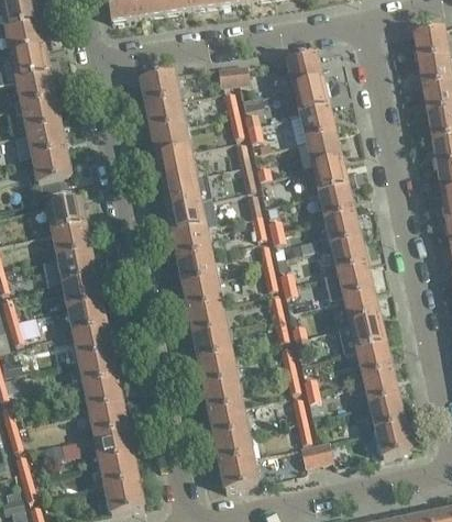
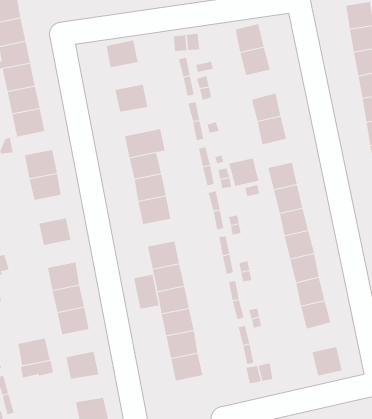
building: [144,97,183,129] -> none
building: [299,105,334,140] -> none
building: [155,148,194,181] -> none
building: [318,185,353,218] -> [228,158,259,187]
building: [57,248,95,281] -> none
building: [181,276,219,308] -> none
building: [68,300,106,332] -> none
building: none -> [134,274,159,310]
building: [368,395,404,429] -> none
building: [89,402,126,434] -> [18,338,50,366]
building: [99,454,137,486] -> none
building: [219,455,256,489] -> none

